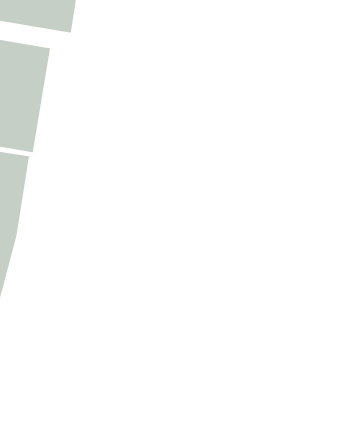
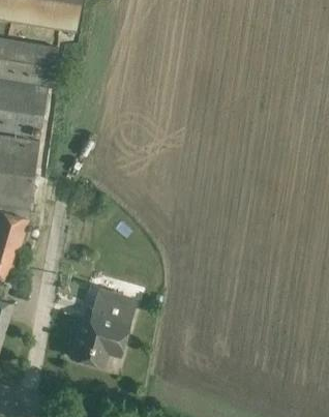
building: none -> [70,286,137,366]

